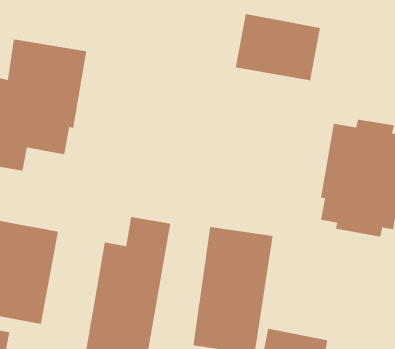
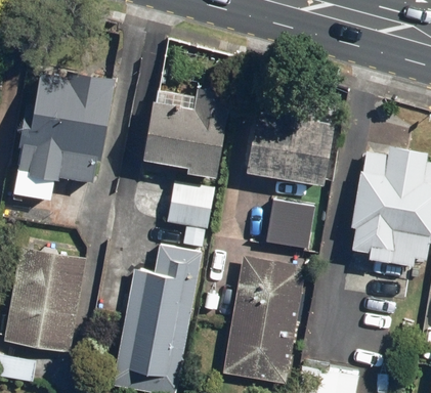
building: [235,13,321,81] -> [247,117,334,185]
building: none -> [141,89,231,171]
building: none -> [167,182,215,230]
building: none -> [266,201,315,251]

